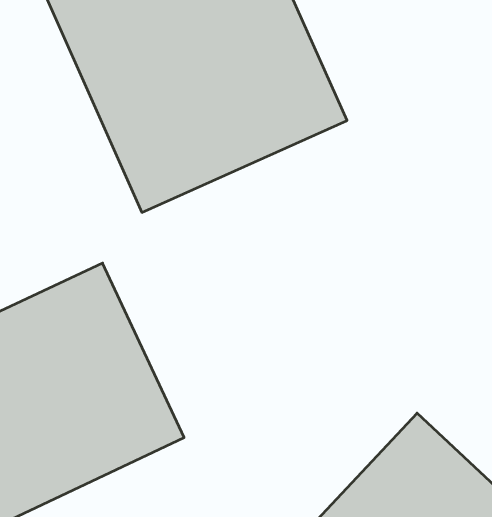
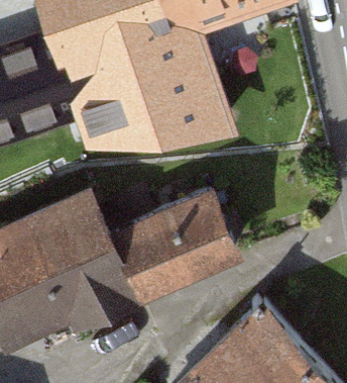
building: none -> [123,199,247,304]

